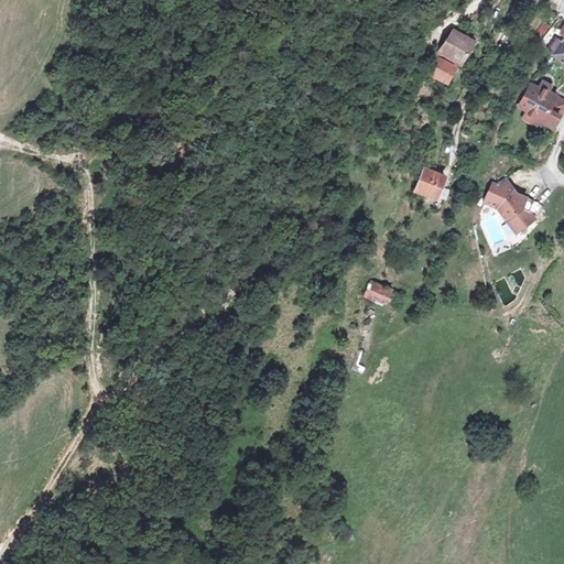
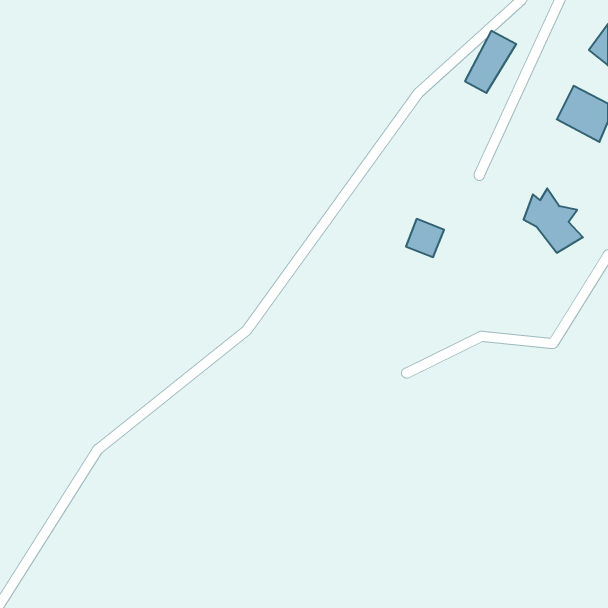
building: [415,167,451,203] -> [406,219,444,257]
building: [364,280,395,306] -> none

